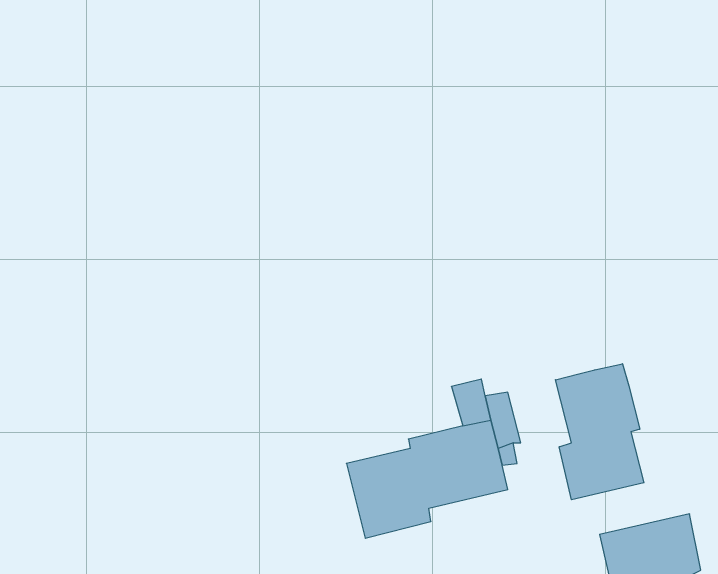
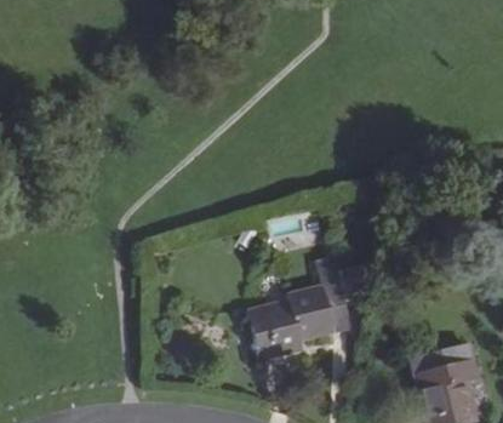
building: [555,364,644,500] -> none

